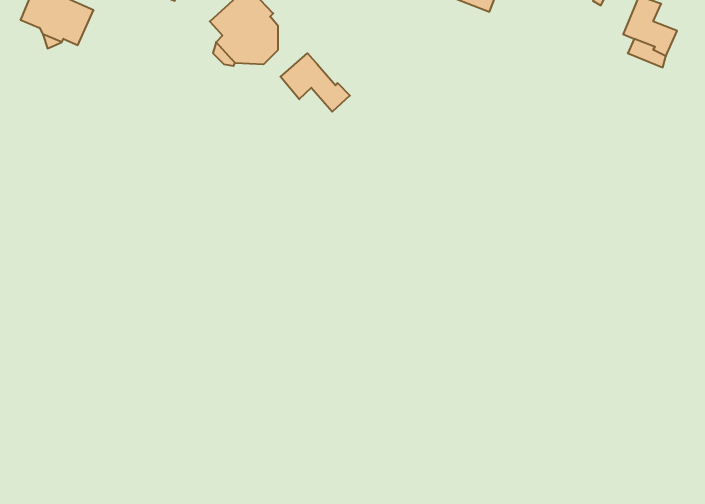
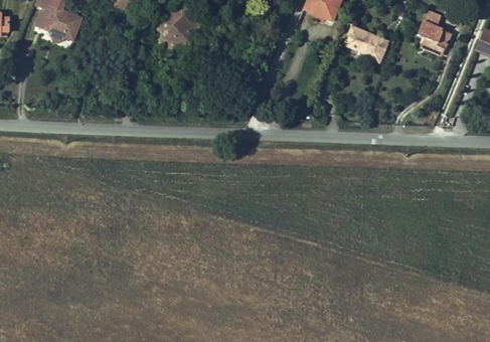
building: none -> [345,25,388,60]
building: [280,53,350,112] -> none

